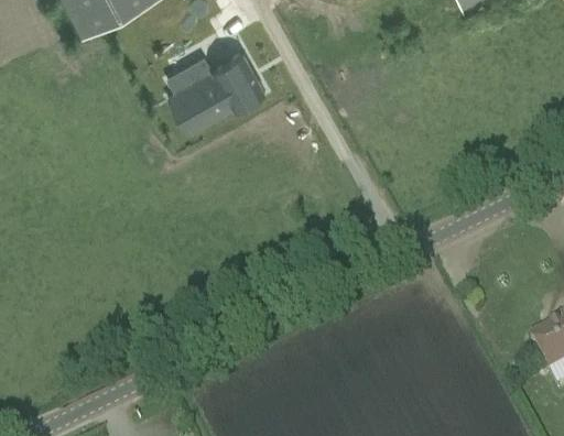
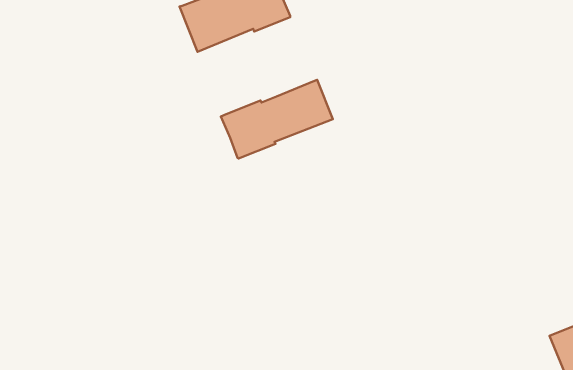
building: none -> [221,80,333,159]

